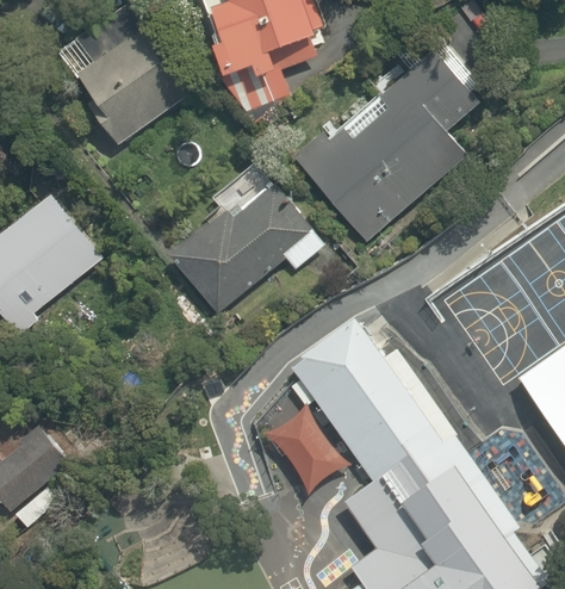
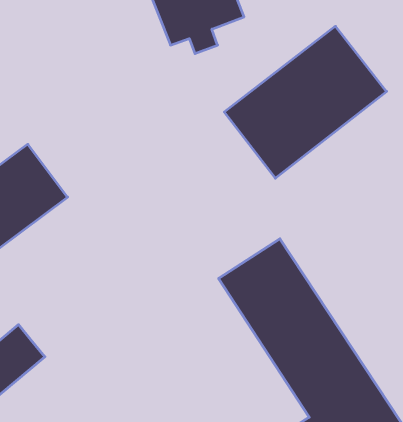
building: [75,21,188,144] -> none
building: [161,184,330,318] -> none
building: [267,408,342,491] -> none

